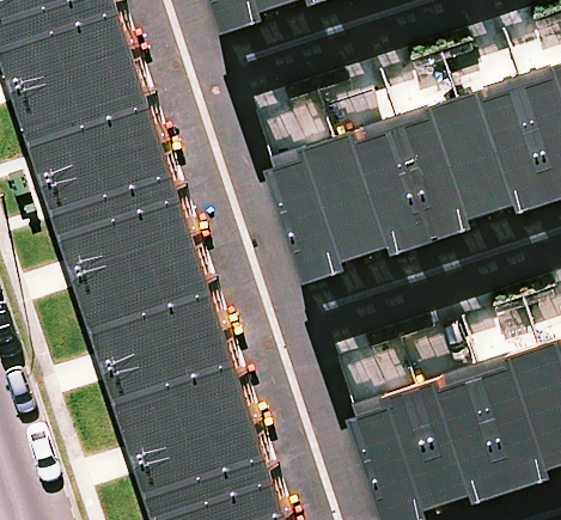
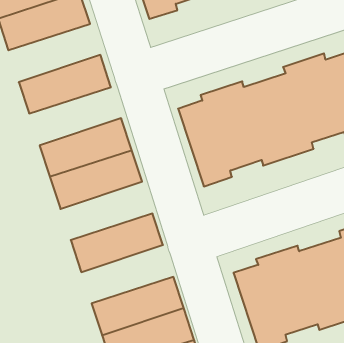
building: [17,41,154,128] -> none
building: [48,135,185,222] -> none
building: [94,276,232,363] -> none
building: [126,371,263,458] -> none

